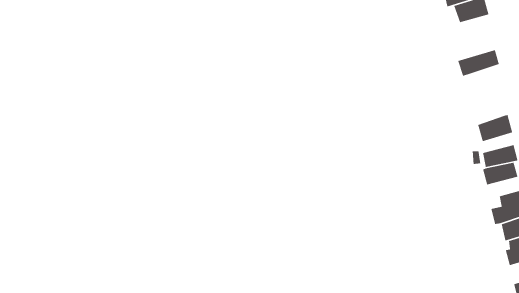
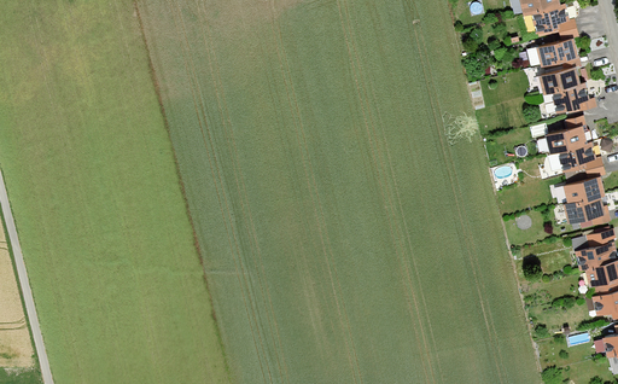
building: none -> [538,37,582,70]
building: none -> [552,81,595,115]
building: none -> [546,124,589,155]

